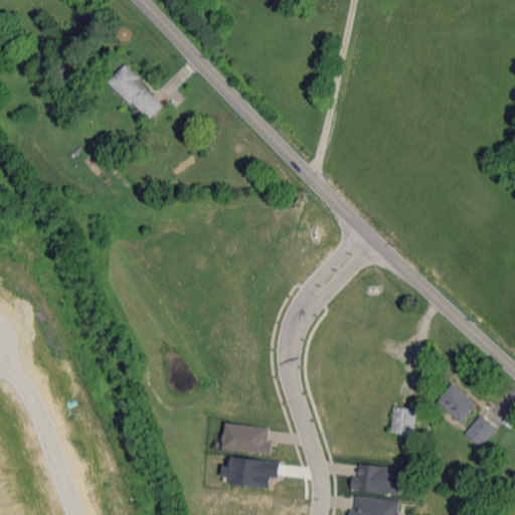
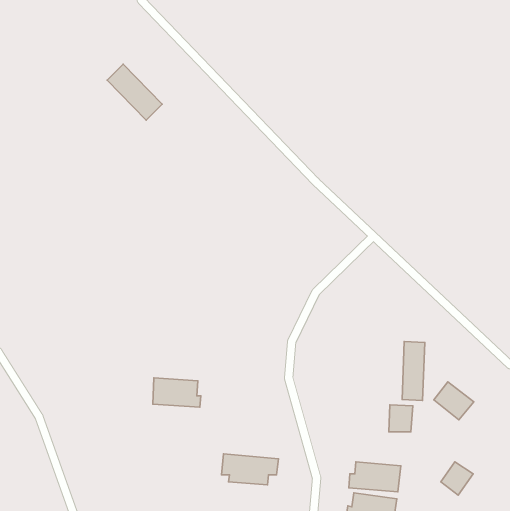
building: none -> [402,341,425,401]
building: [464,415,496,449] -> [441,462,473,495]
building: [223,424,272,454] -> [153,378,201,407]

